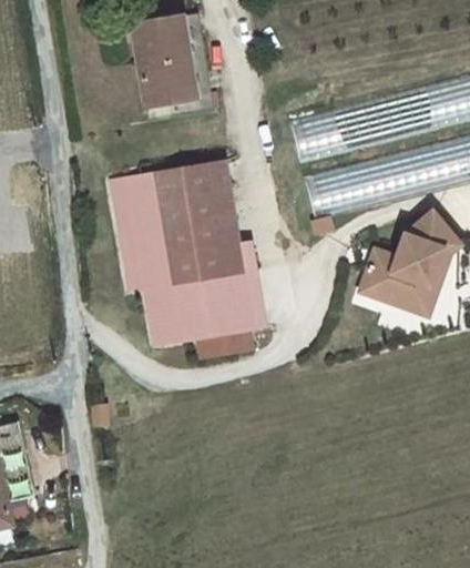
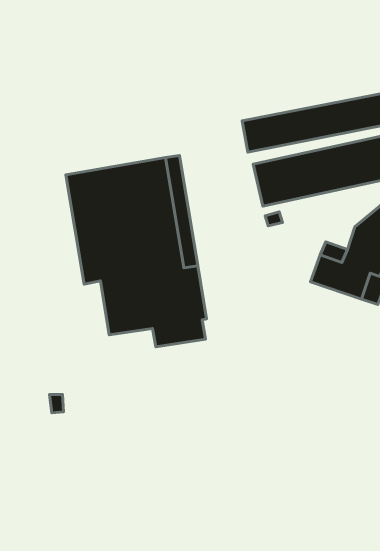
building: [131,12,213,121] -> none

